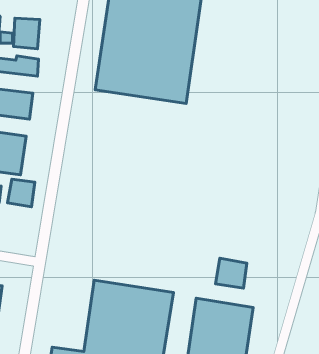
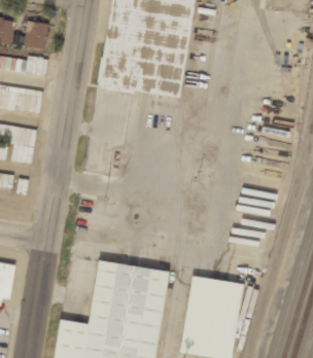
building: [8,179,35,207] -> none
building: [215,258,247,288] -> none

